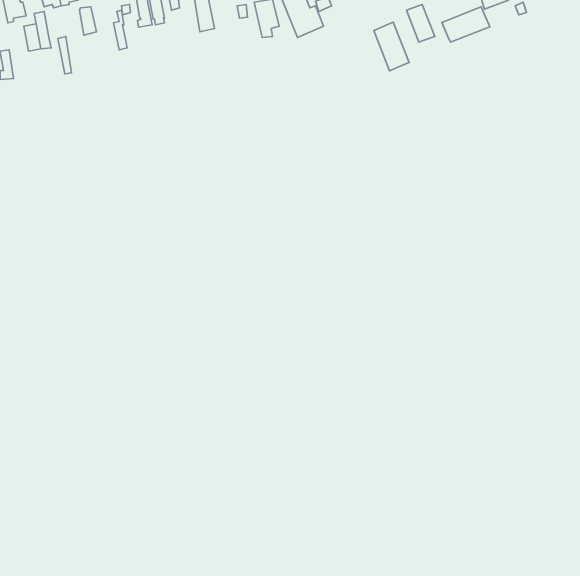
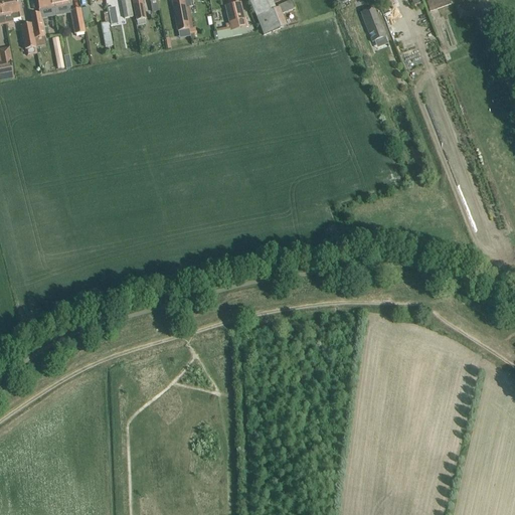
building: [442,7,490,42] -> none
building: [374,22,409,71] -> none

